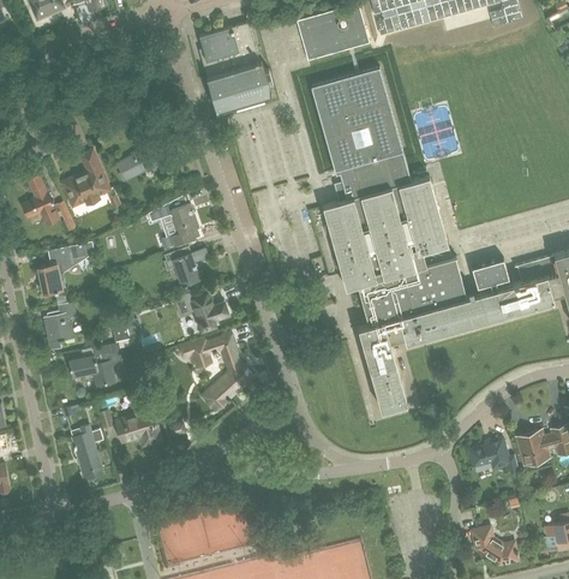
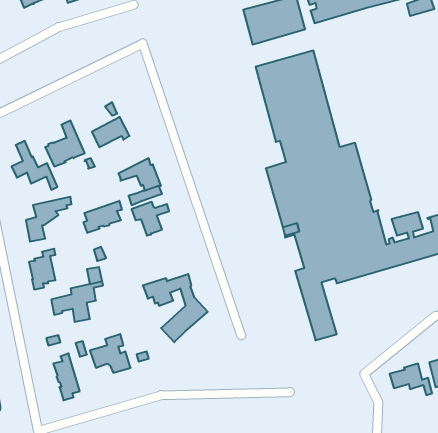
building: [198,22,272,112] -> none
building: none -> [84,201,122,233]
building: [181,287,228,330] -> none

